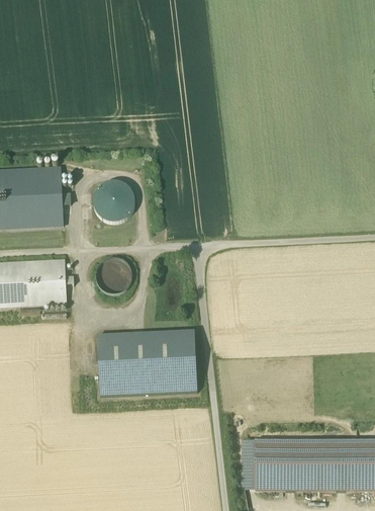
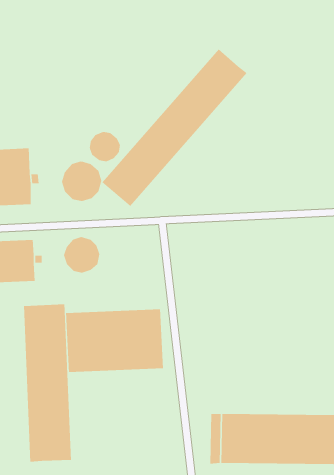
building: none -> [102,48,247,207]
building: none -> [89,131,120,162]
building: none -> [23,304,71,463]

